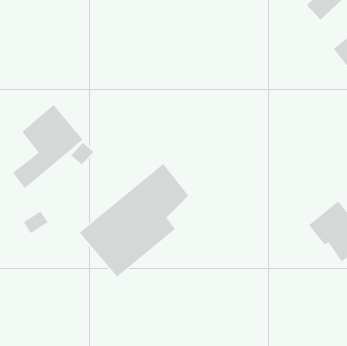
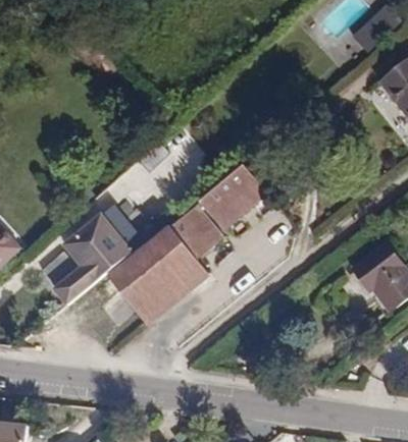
building: [12,104,83,189] -> [55,214,132,305]
building: none -> [201,164,269,230]

